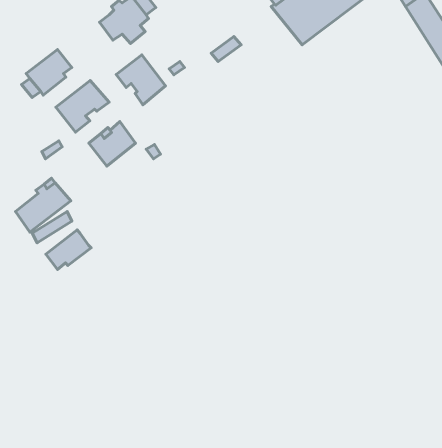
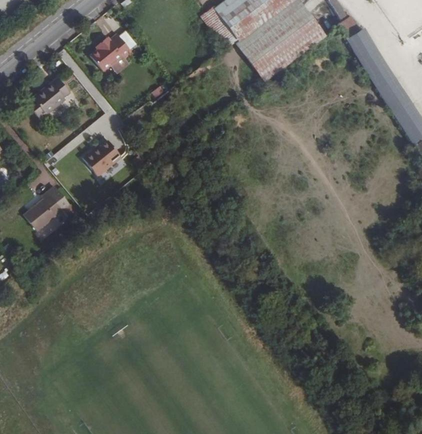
building: [116,55,165,105] -> none
building: [56,80,109,132] -> none
building: [46,230,91,269] -> none

